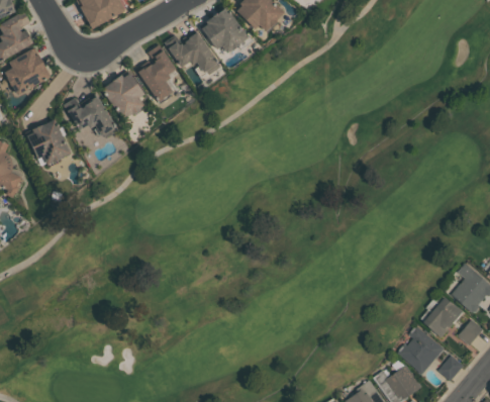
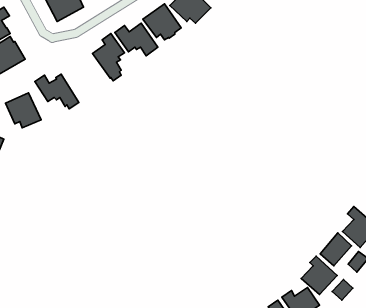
building: [101,73,144,119] -> none

